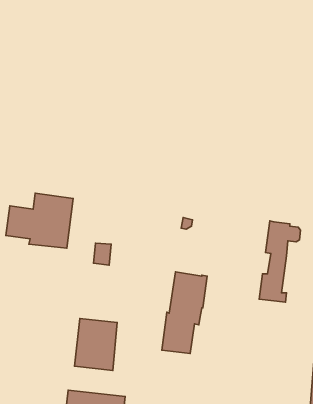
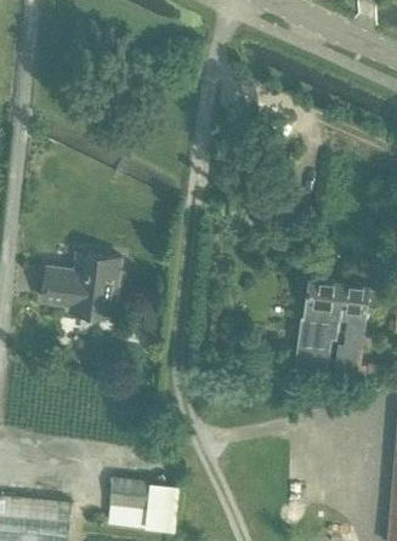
building: [162,272,207,353] -> [294,280,346,374]
building: [75,318,117,371] -> none

